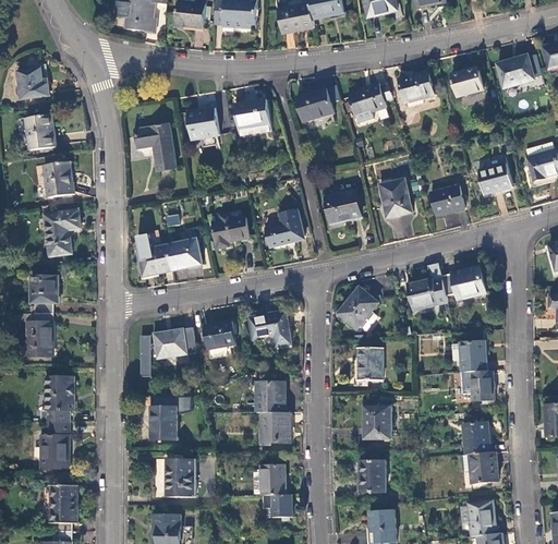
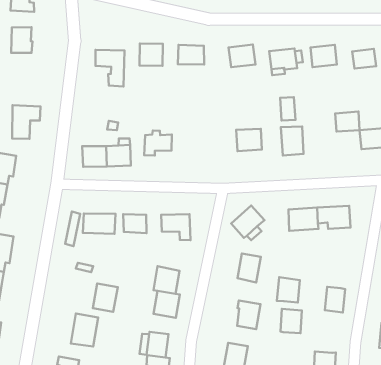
building: none -> [280,97,295,121]
building: [43,161,73,197] -> none
building: [430,185,464,215] -> [335,112,360,131]
building: [265,209,303,247] -> none
building: [459,342,487,373] -> [277,277,300,303]
building: [150,408,177,439] -> [93,284,118,312]
building: [462,424,490,455] -> [281,309,302,333]

